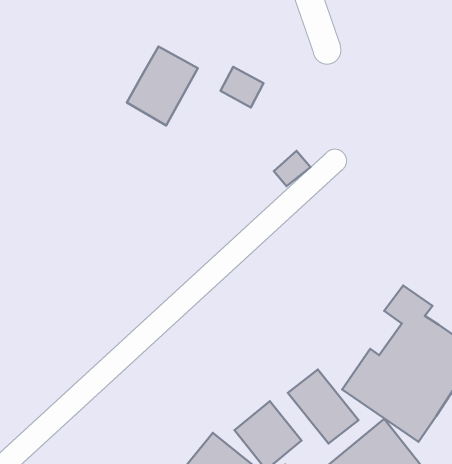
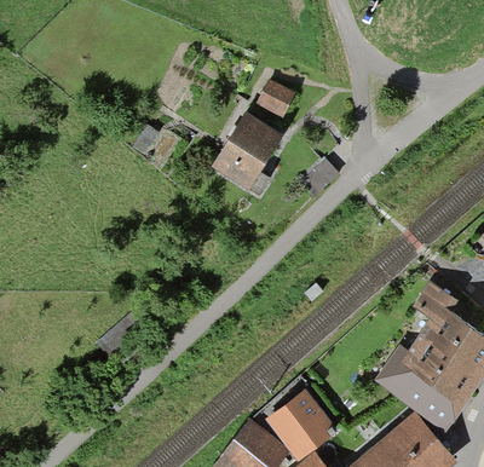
building: [127,47,198,125] -> [214,110,282,185]
building: [288,369,359,444] -> none

